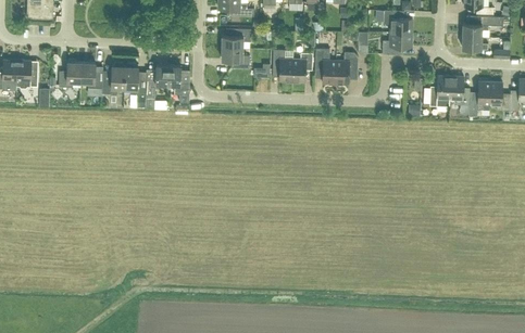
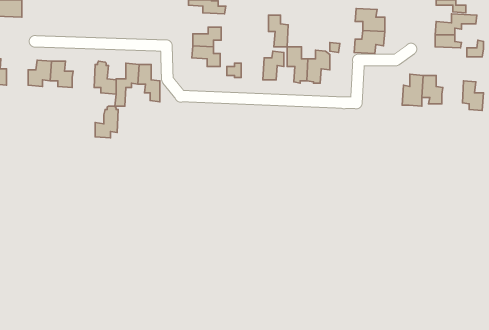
building: [273,49,292,80] -> [268,15,288,47]
building: [102,62,125,93] -> [95,106,118,138]
building: [468,81,490,116] -> none

